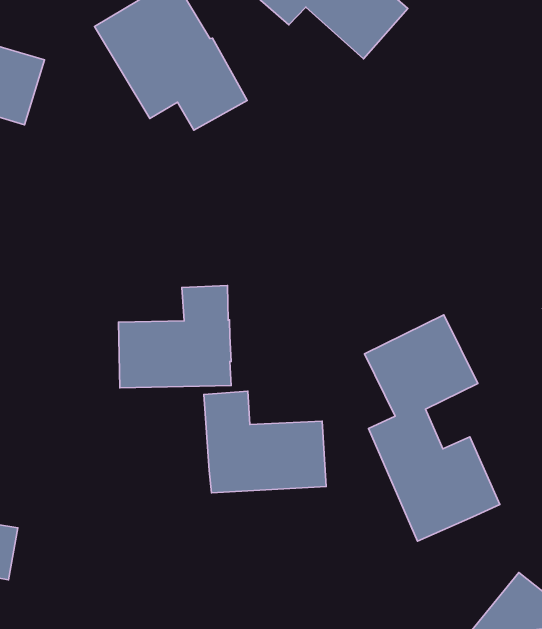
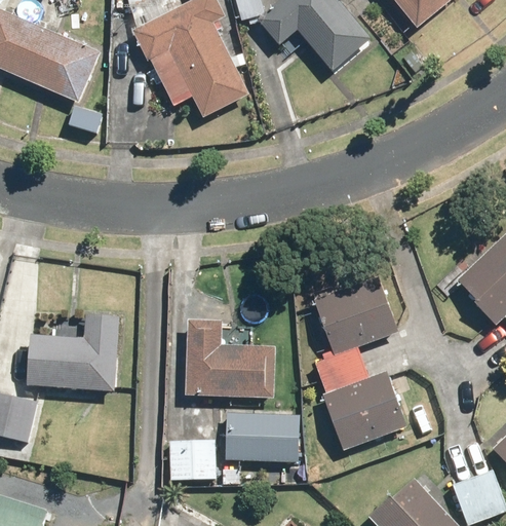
building: [119,285,231,388] -> [29,312,119,391]
building: none -> [228,412,297,462]
building: none -> [168,442,210,479]

